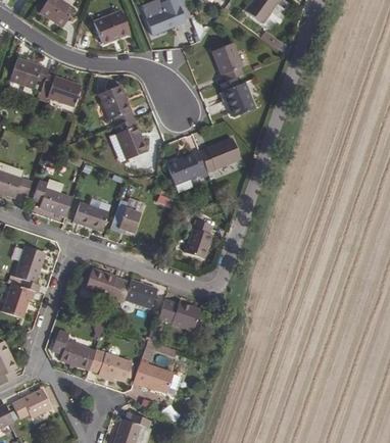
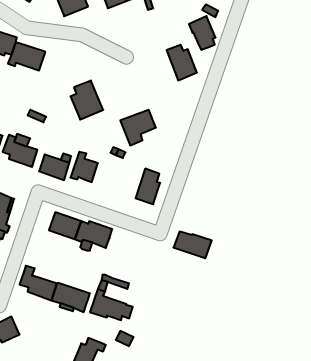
building: [211,42,242,81] -> [189,16,216,50]
building: [99,85,132,125] -> none
building: [199,137,241,173] -> none
building: [156,299,200,330] -> [173,232,212,258]

